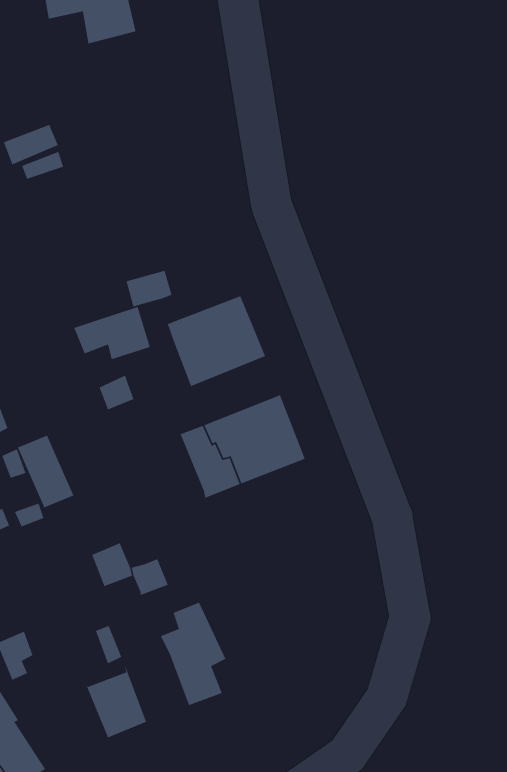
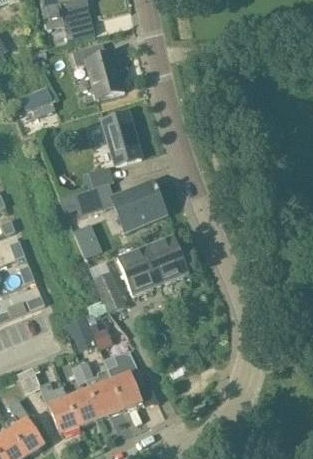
building: none -> [71,47,124,98]
building: none -> [102,111,141,164]
building: [17,435,75,508] -> [93,271,125,312]
building: none -> [79,360,123,417]
building: none -> [37,380,78,434]

